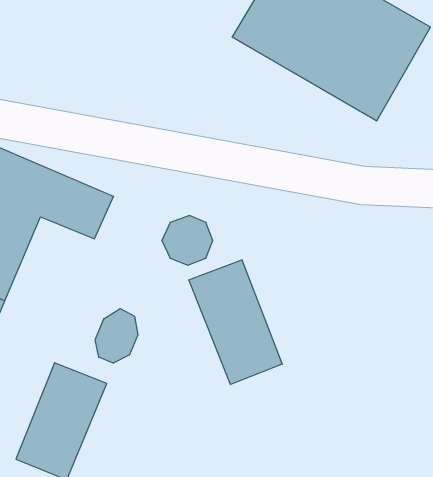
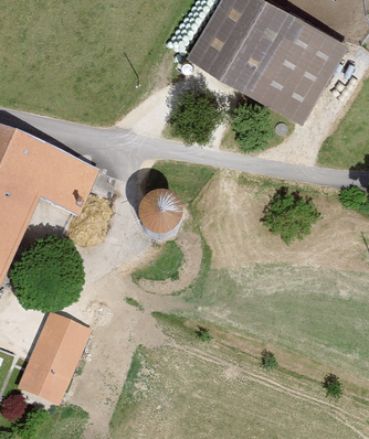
building: [189,260,282,384] -> none
building: [95,309,138,363] -> none

